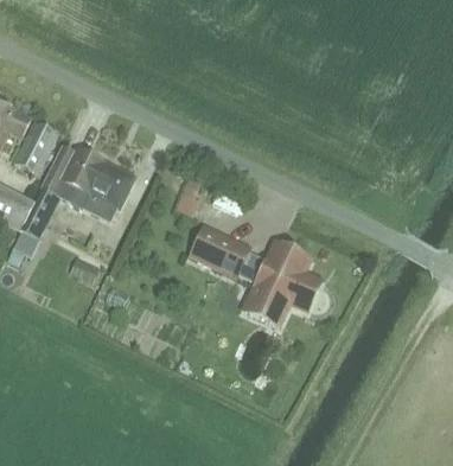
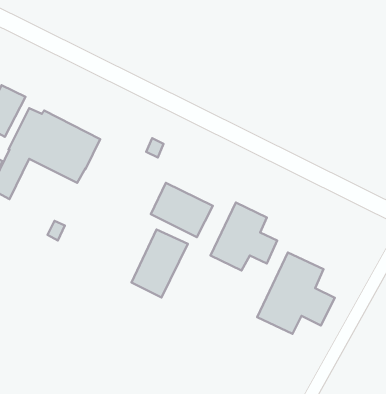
building: none -> [131,230,188,297]
building: none -> [257,252,335,334]

